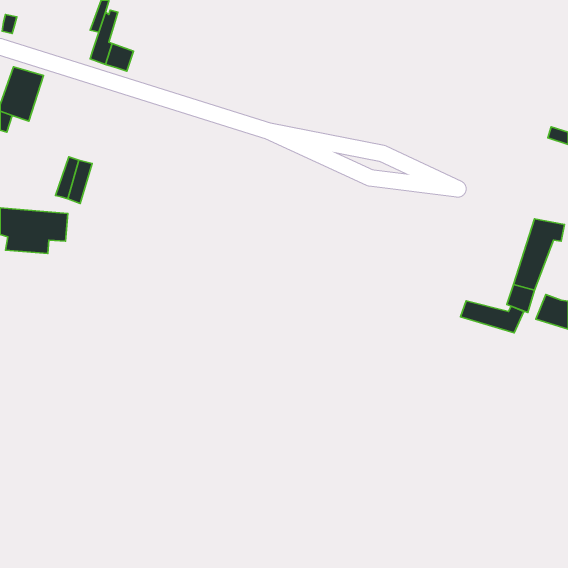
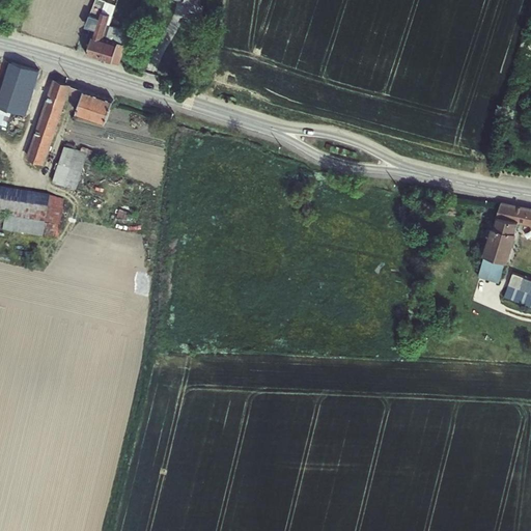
building: none -> [27,81,71,164]
building: none -> [77,91,113,123]
building: [461,301,524,333] -> none

